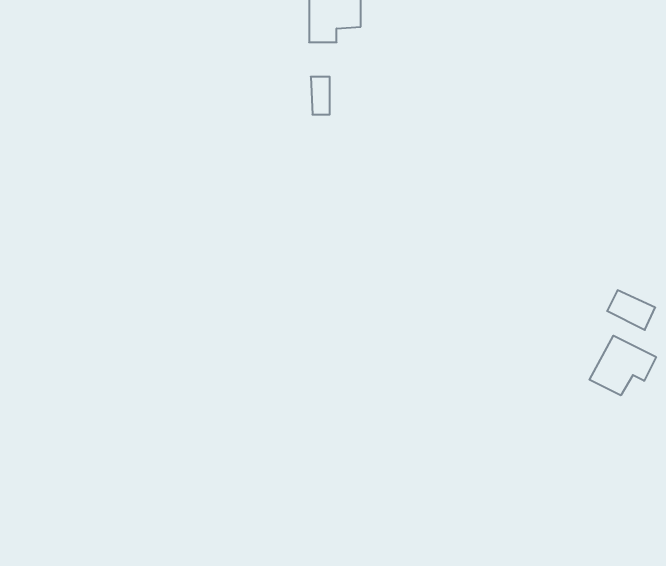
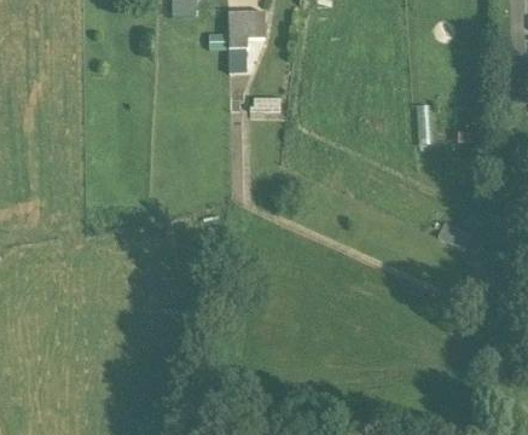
building: [589,336,656,395] -> none

